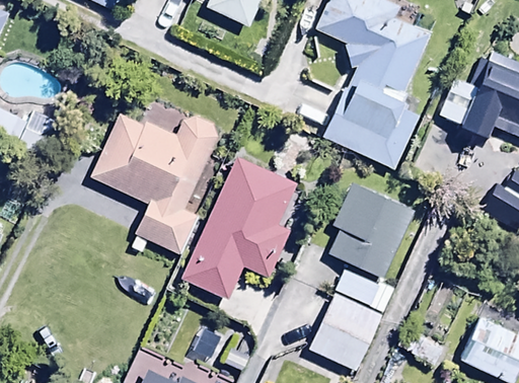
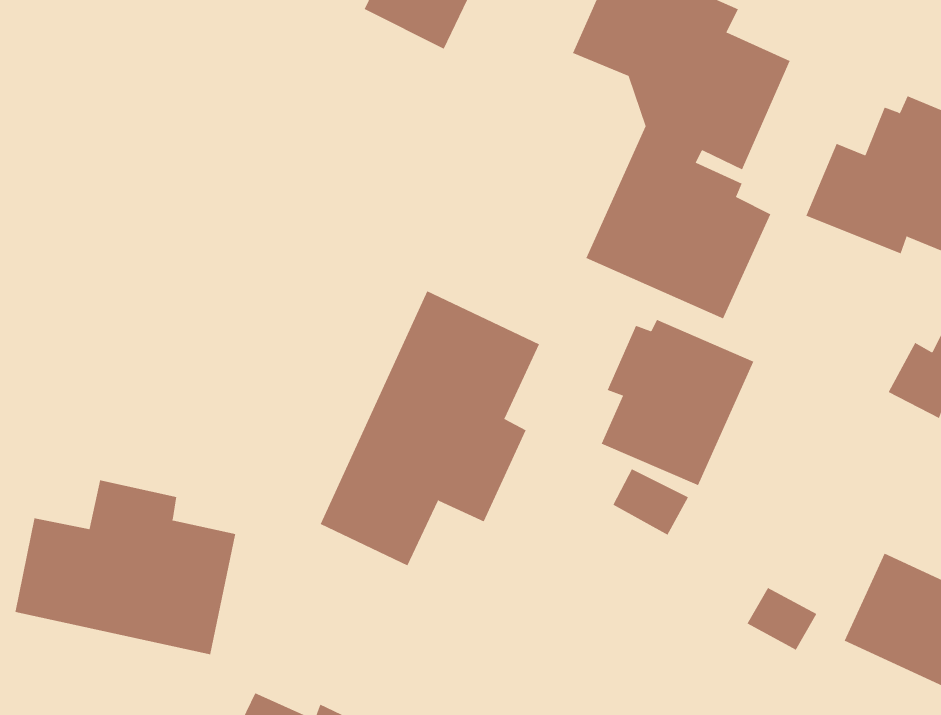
building: [91,113,219,258] -> none
building: none -> [15,480,236,655]
building: [310,276,383,354] -> none

